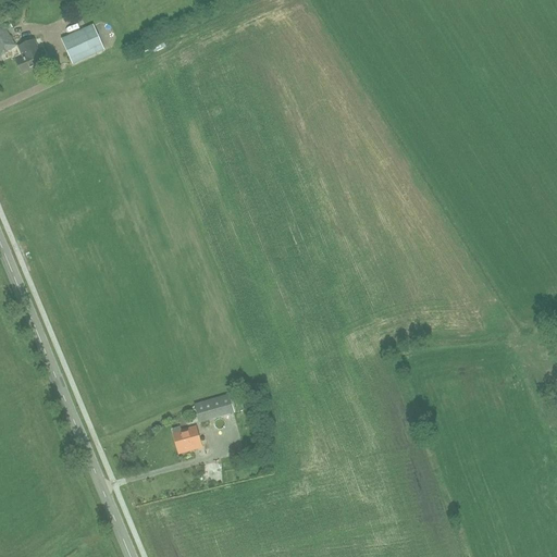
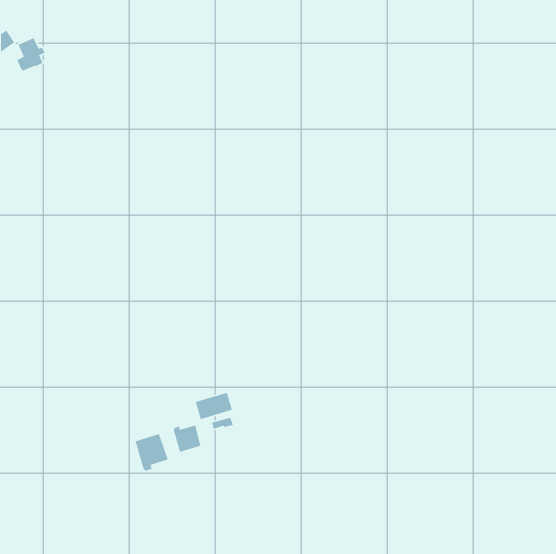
building: [61,24,104,63] -> none
building: none -> [134,433,169,472]

